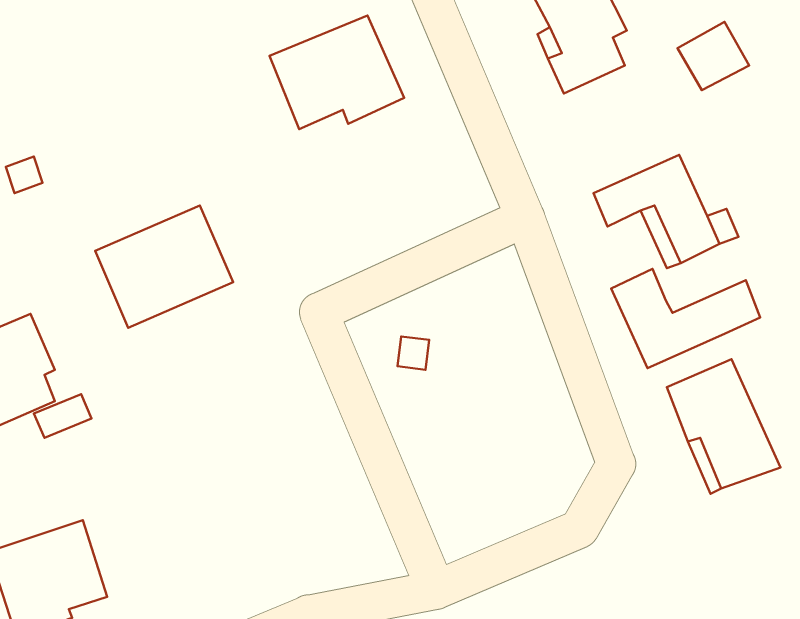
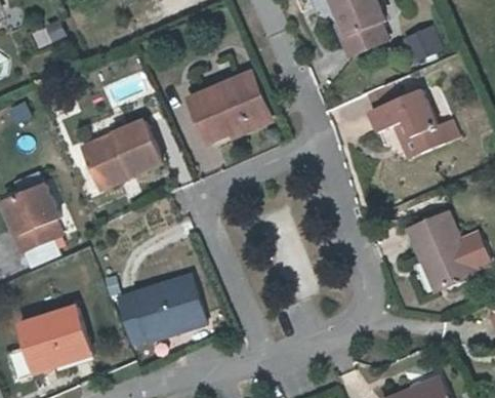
building: [270,16,404,129] -> [192,73,271,140]
building: [611,269,760,368] -> none
building: none -> [117,275,205,343]

